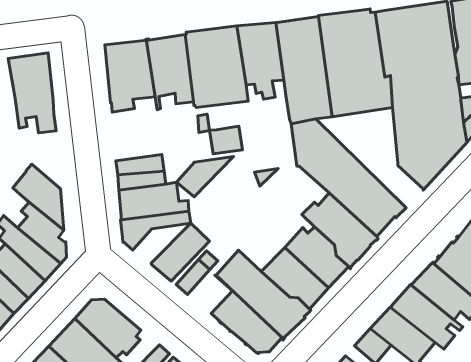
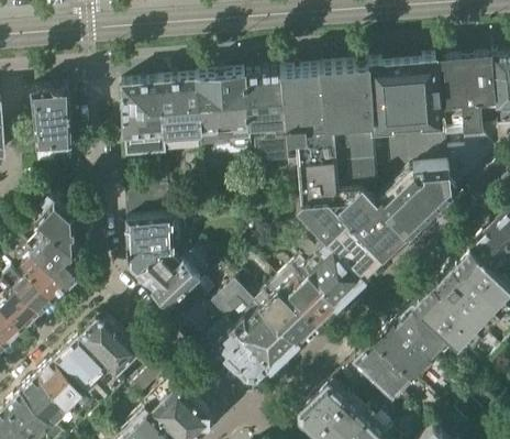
building: none -> [312,157,408,251]
building: [209,126,243,154] -> [258,141,288,165]
building: [177,157,233,197] -> [137,254,191,289]

